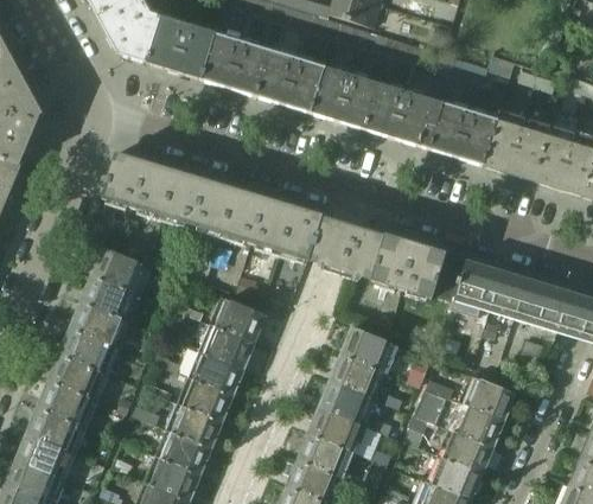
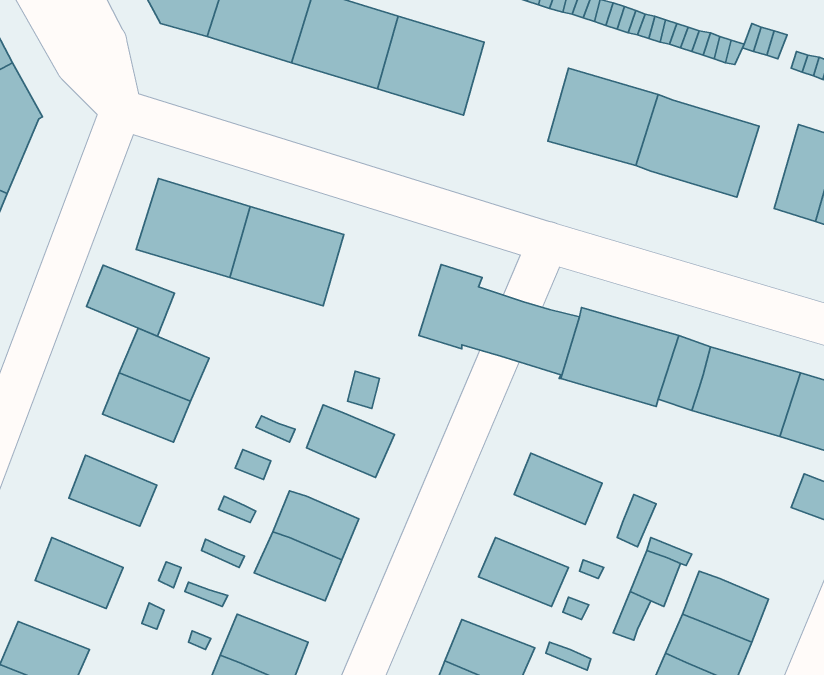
building: [311,65,377,128] -> none
building: [484,111,523,171] -> none
building: [222,187,296,251] -> none
building: [71,301,127,346] -> [86,265,174,336]
building: [200,323,255,368] -> none
building: [331,352,388,398] -> none
building: [50,355,106,398] -> none
building: [460,374,516,419] -> none
building: [167,402,223,446] -> none
building: [310,404,366,449] -> none
building: [28,407,84,451] -> none

